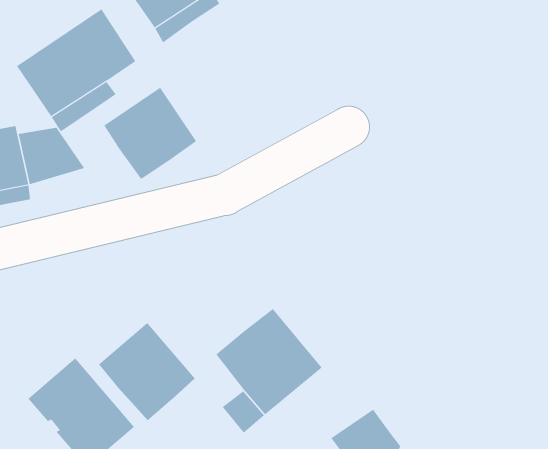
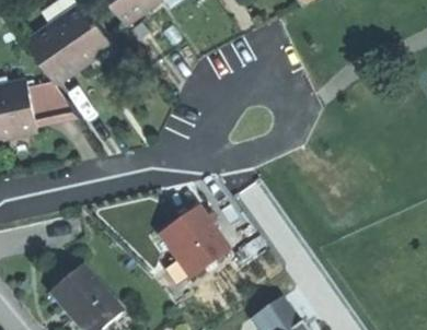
building: [103,87,197,180] -> none
building: [98,322,195,421] -> none

